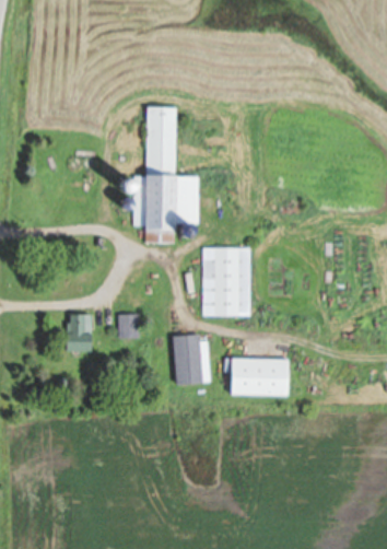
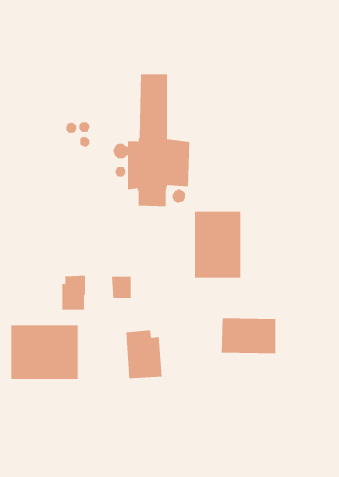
building: [173,335,211,385] -> [125,330,163,379]
building: none -> [11,325,78,380]

